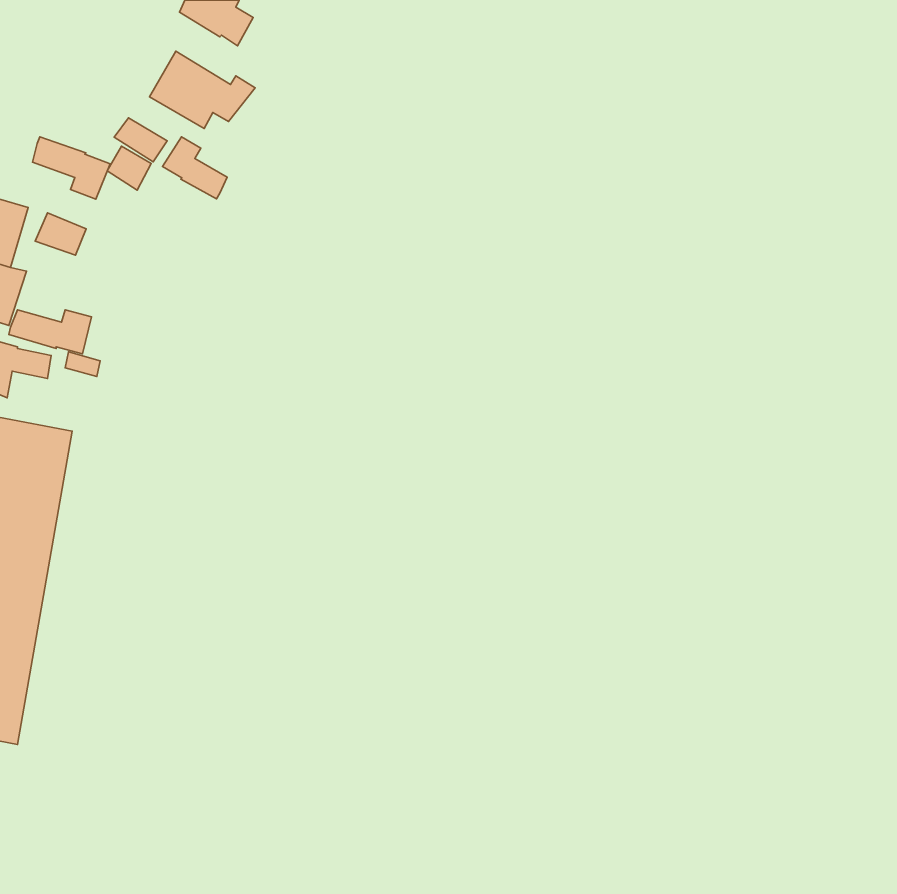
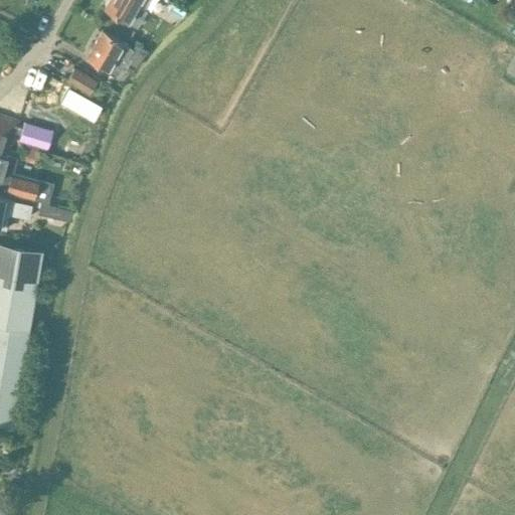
building: [163,137,227,199] -> none
building: [32,137,110,199] -> none

